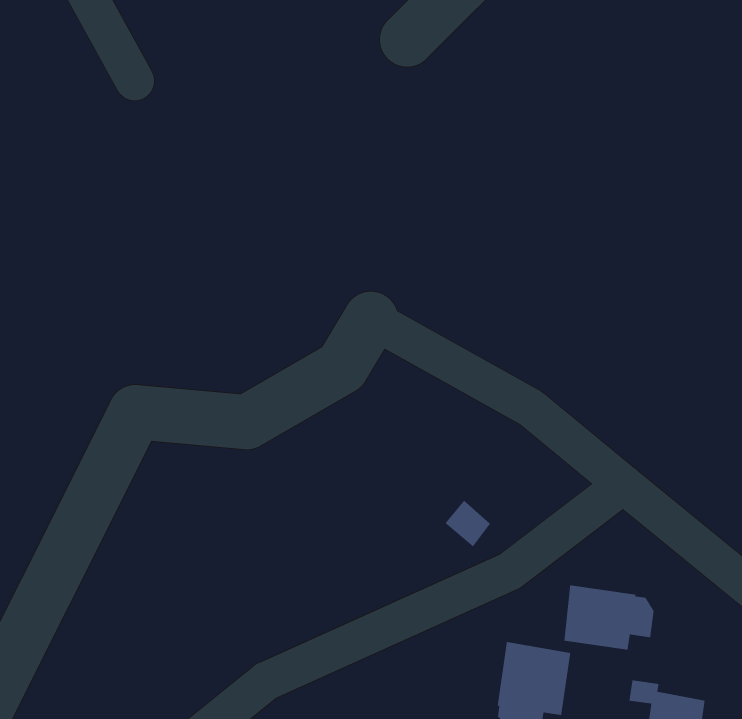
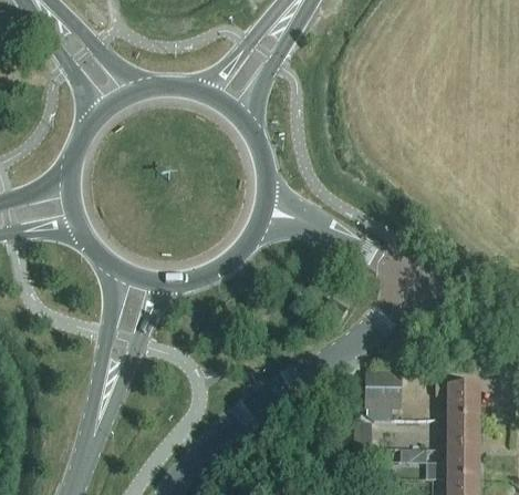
building: [563,584,655,650] -> none

